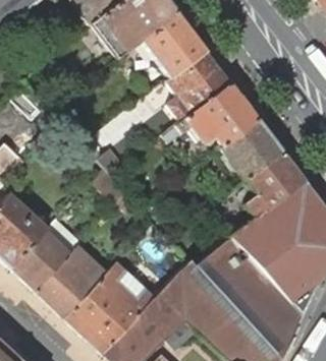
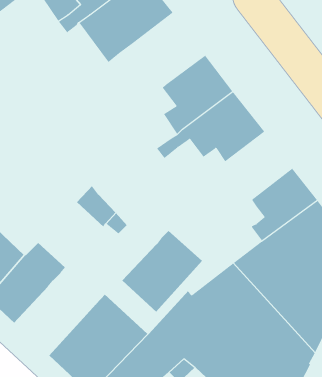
building: [138,11,202,75] -> none
building: [218,117,279,178] -> none
building: [32,243,104,316] -> [122,230,203,312]

